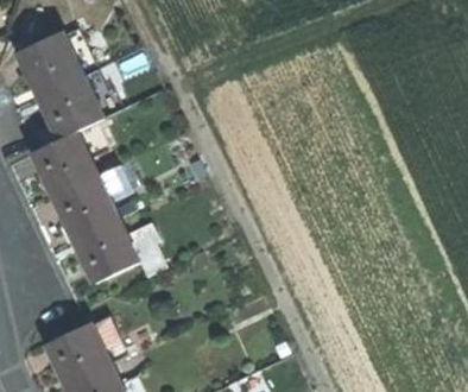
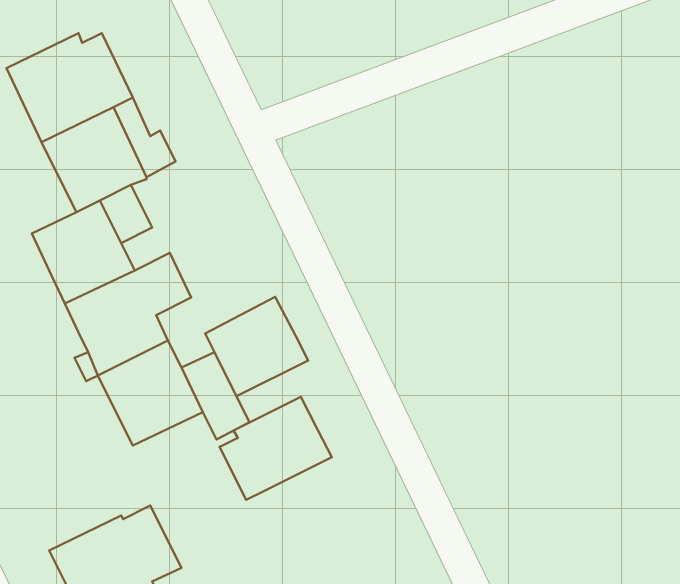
building: none -> [205,297,308,396]
building: none -> [220,397,332,500]

